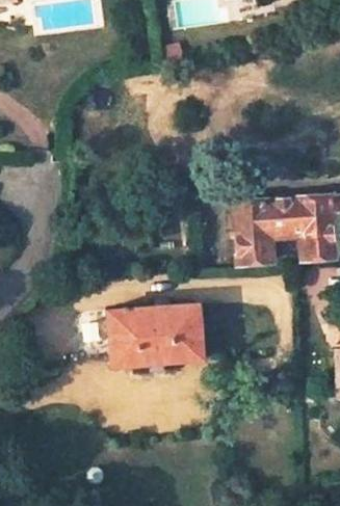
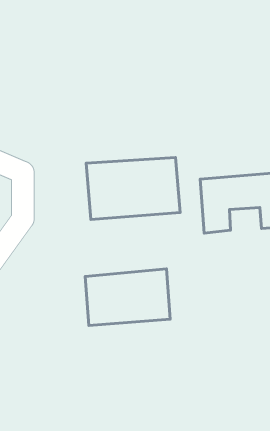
building: none -> [86,157,180,219]

